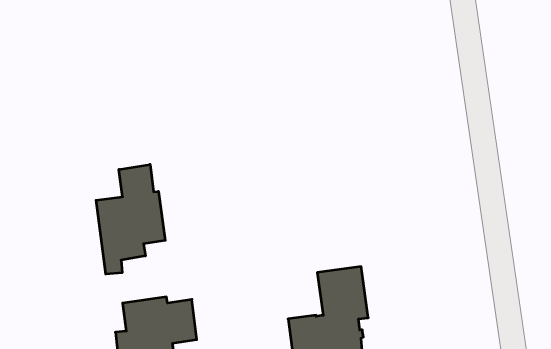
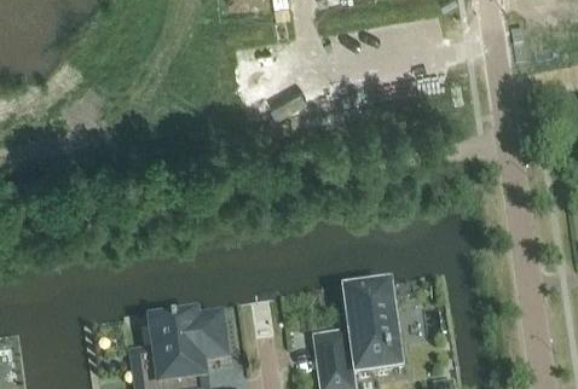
building: [96,164,165,274] -> none

